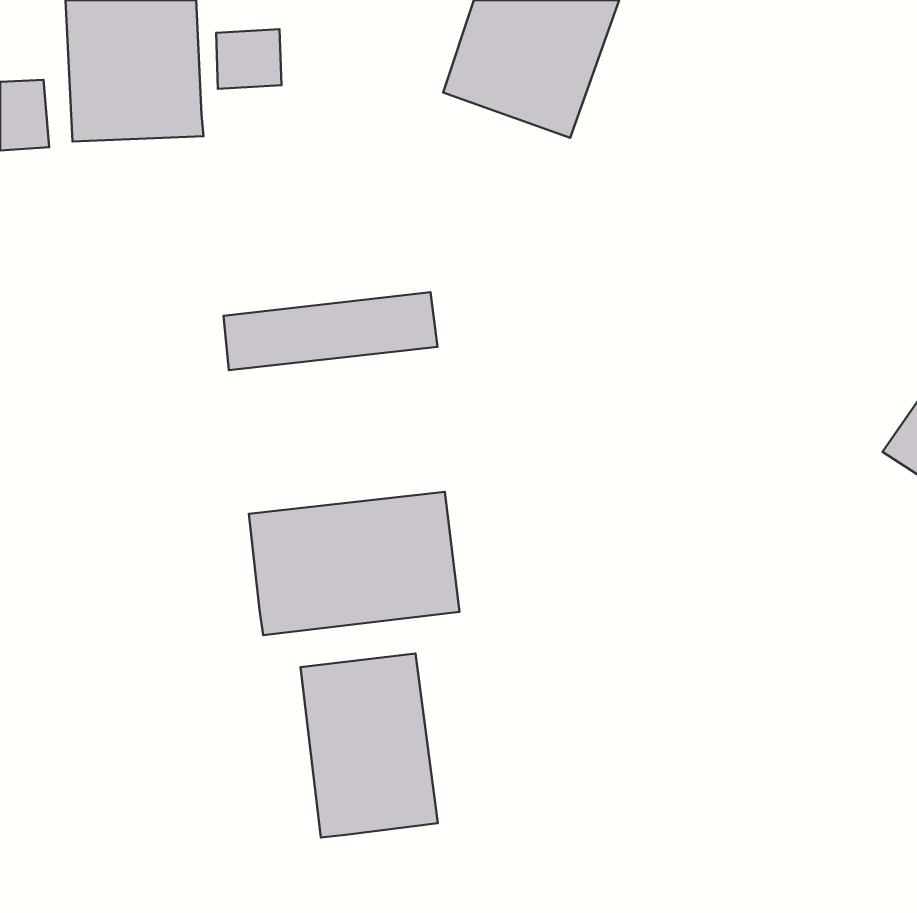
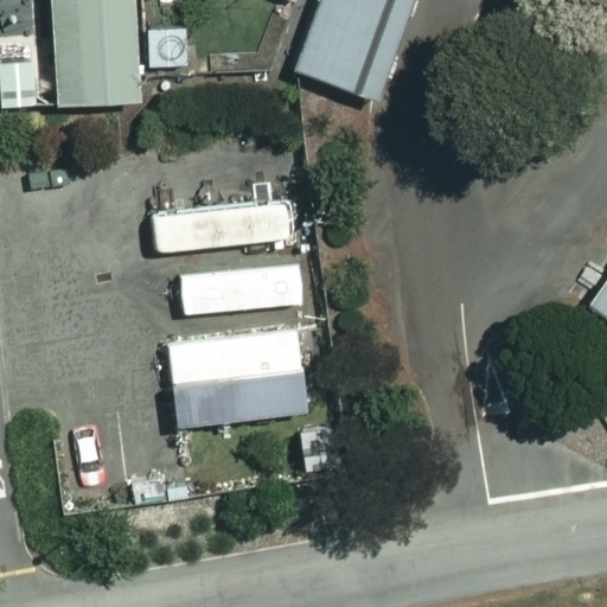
building: [300,653,438,837] -> none

